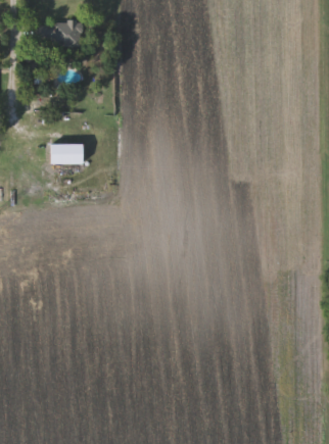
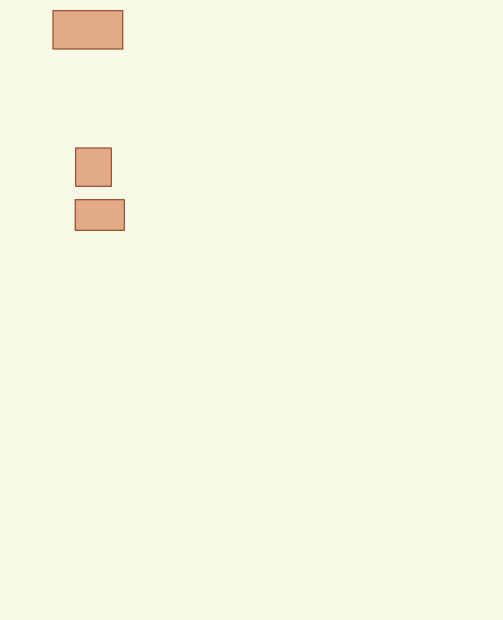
building: none -> [76,148,111,186]

